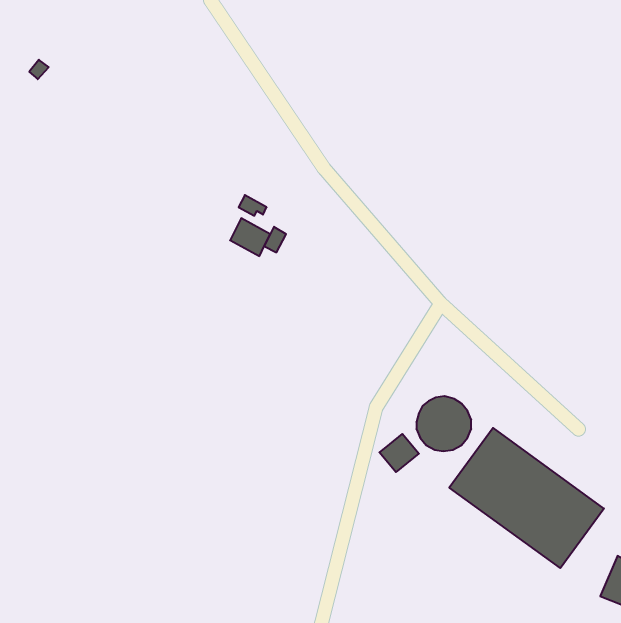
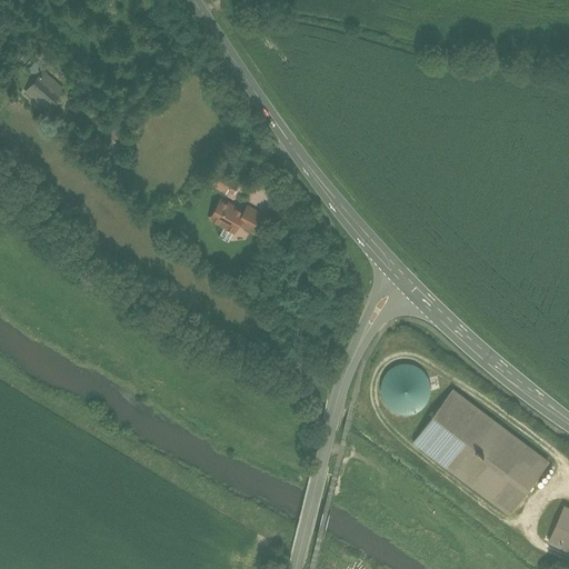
building: none -> [27,70,64,108]
building: [379,434,419,472] -> none

